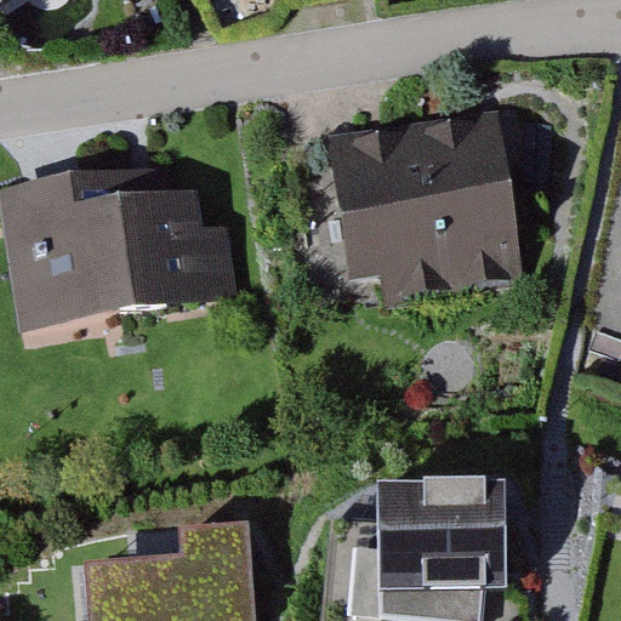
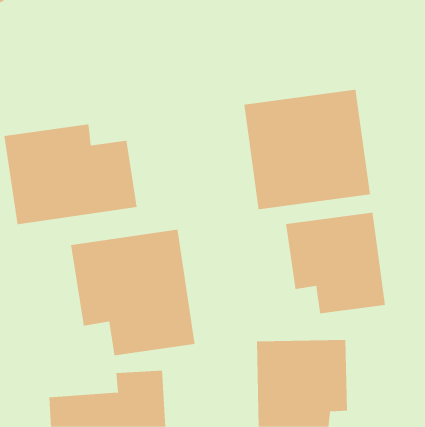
building: none -> [286,212,385,314]
building: none -> [70,229,195,356]

